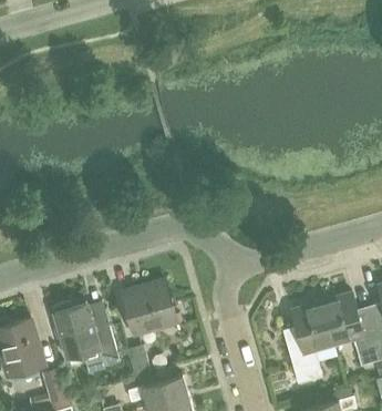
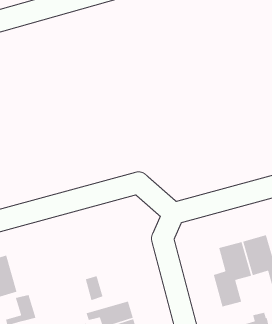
building: [123,281,177,336] -> none
building: [54,305,120,369] -> none

